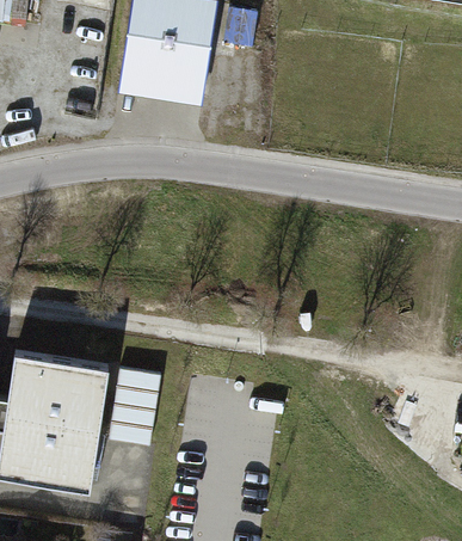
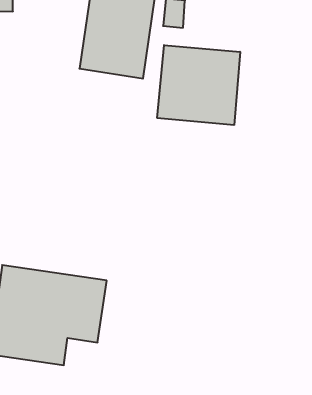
building: none -> [157,45,240,125]

